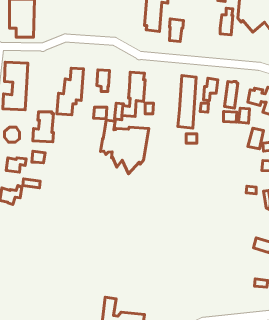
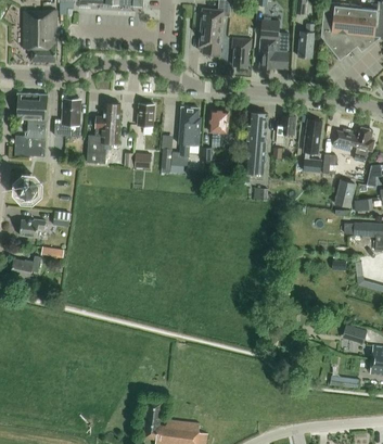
building: none -> [259,20,289,69]
building: none -> [209,111,227,145]
building: [33,112,54,142] -> [54,98,81,137]
building: [100,120,149,174] -> none

